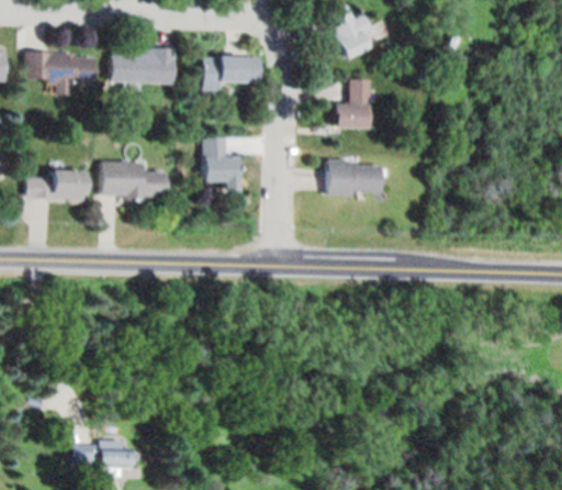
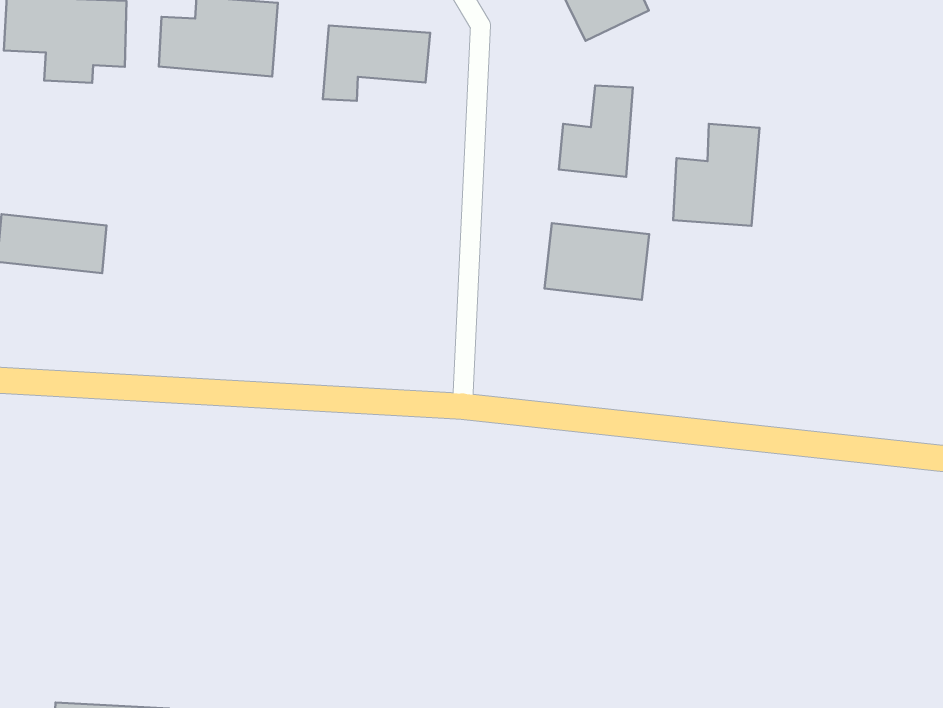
building: none -> [673,124,759,226]
building: [205,137,241,182] -> none
building: [102,159,172,201] -> none

